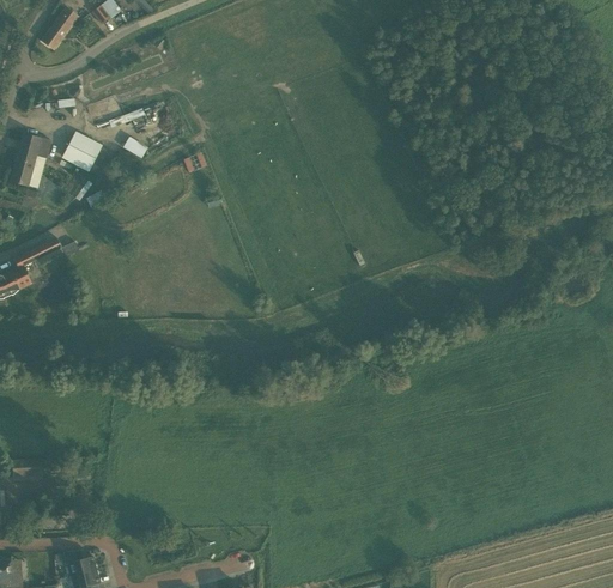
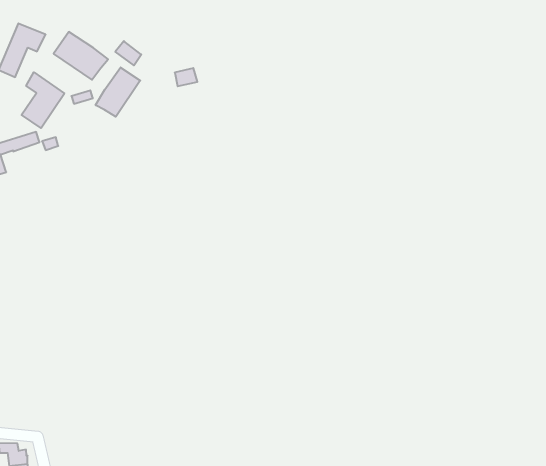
building: none -> [96,67,140,117]
building: none -> [22,72,64,128]

